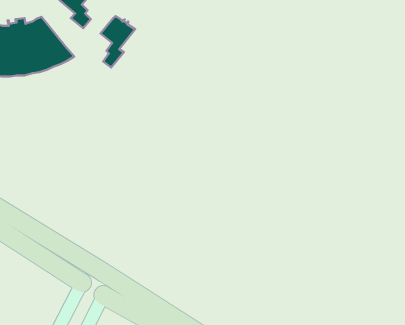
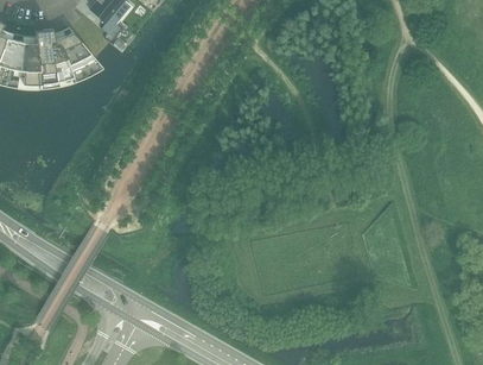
building: [101,16,135,67] -> none

